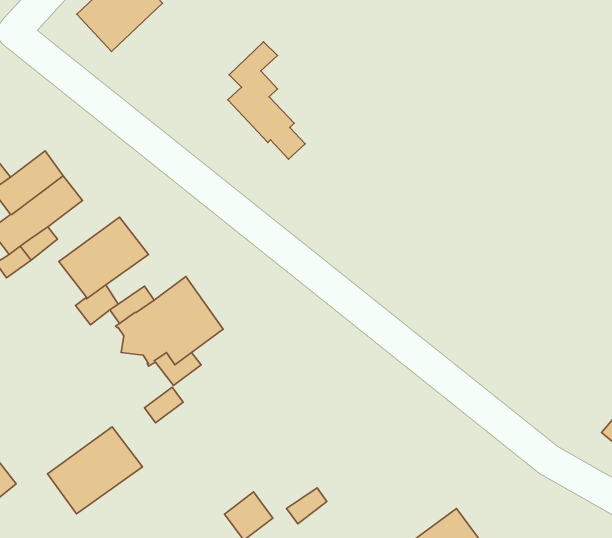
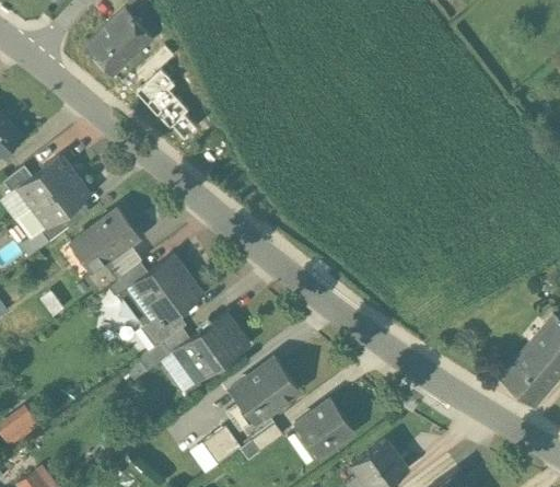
building: [228,42,305,159] -> [136,48,197,141]
building: none -> [231,359,299,424]
building: [47,427,143,514] -> [173,316,248,385]
building: none -> [294,398,355,457]

